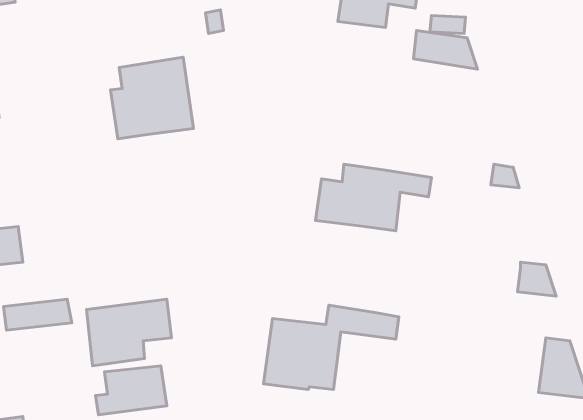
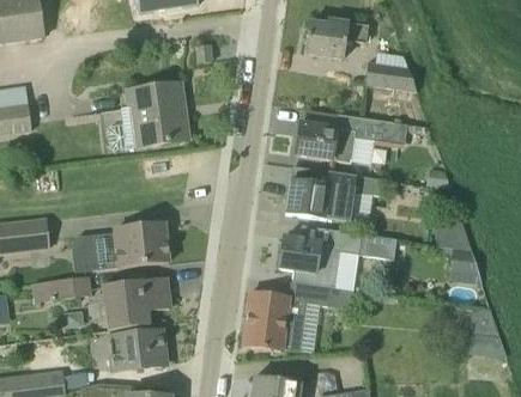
building: none -> [295,114,402,161]
building: none -> [436,215,472,249]
building: none -> [89,222,169,268]
building: none -> [279,230,398,287]

